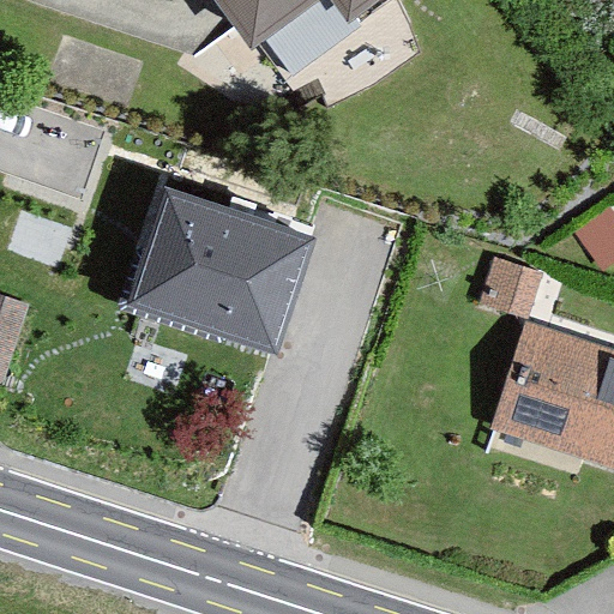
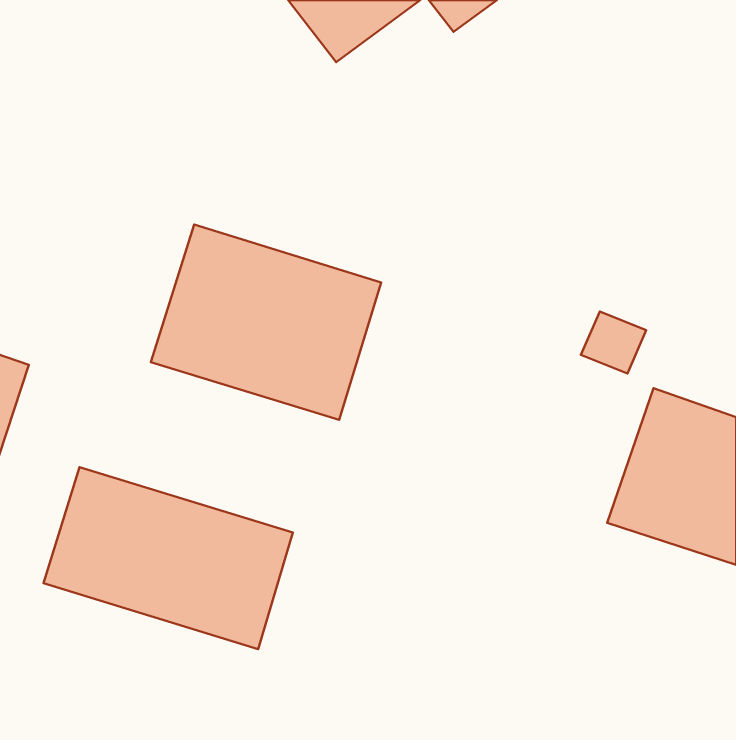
building: none -> [43,467,293,649]

